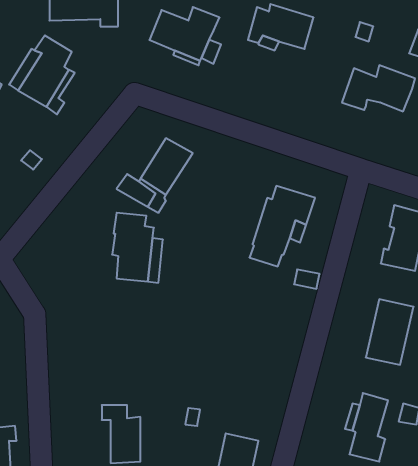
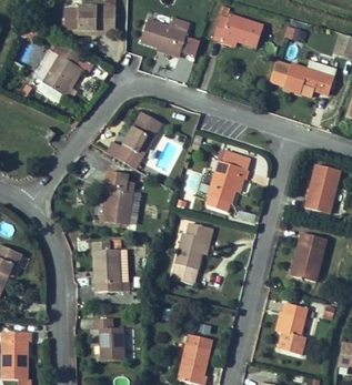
building: none -> [178,224,219,287]
building: none -> [93,244,121,293]

